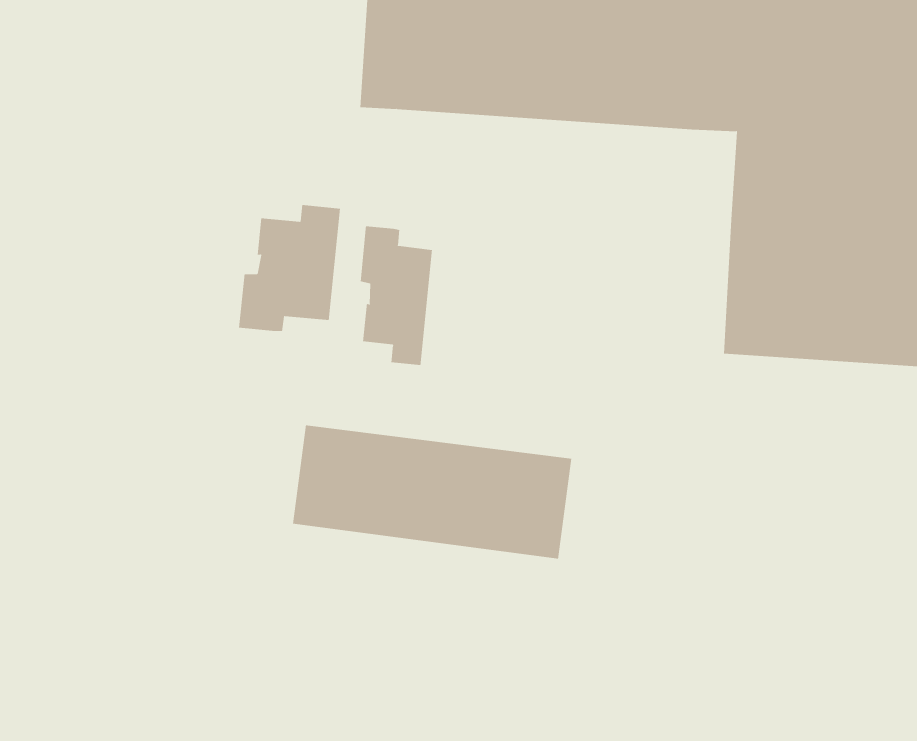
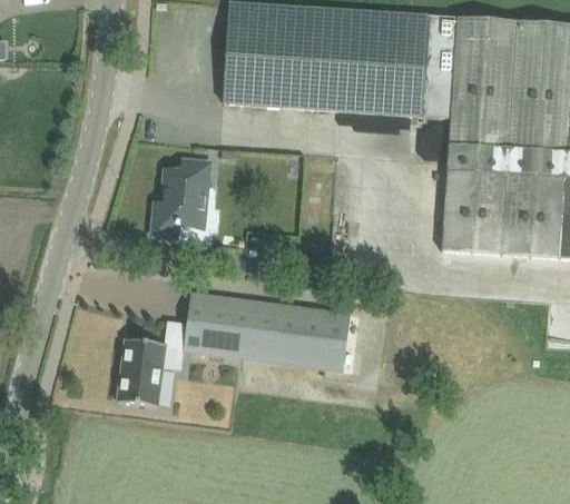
building: [360,225,433,366] -> none
building: none -> [118,338,178,406]

